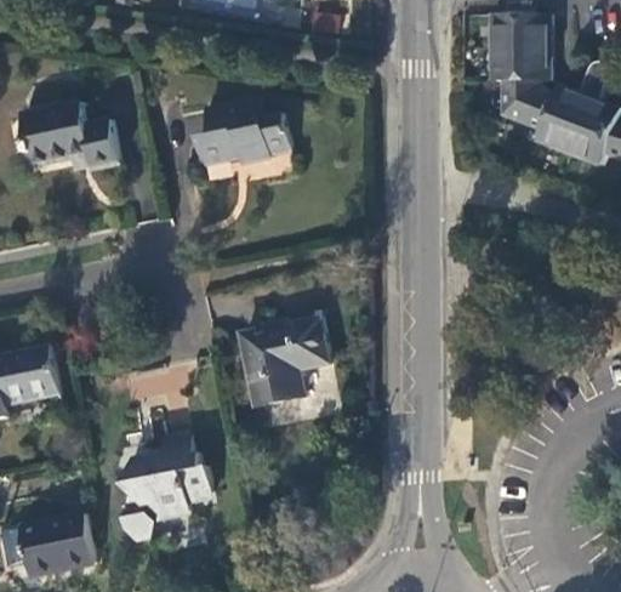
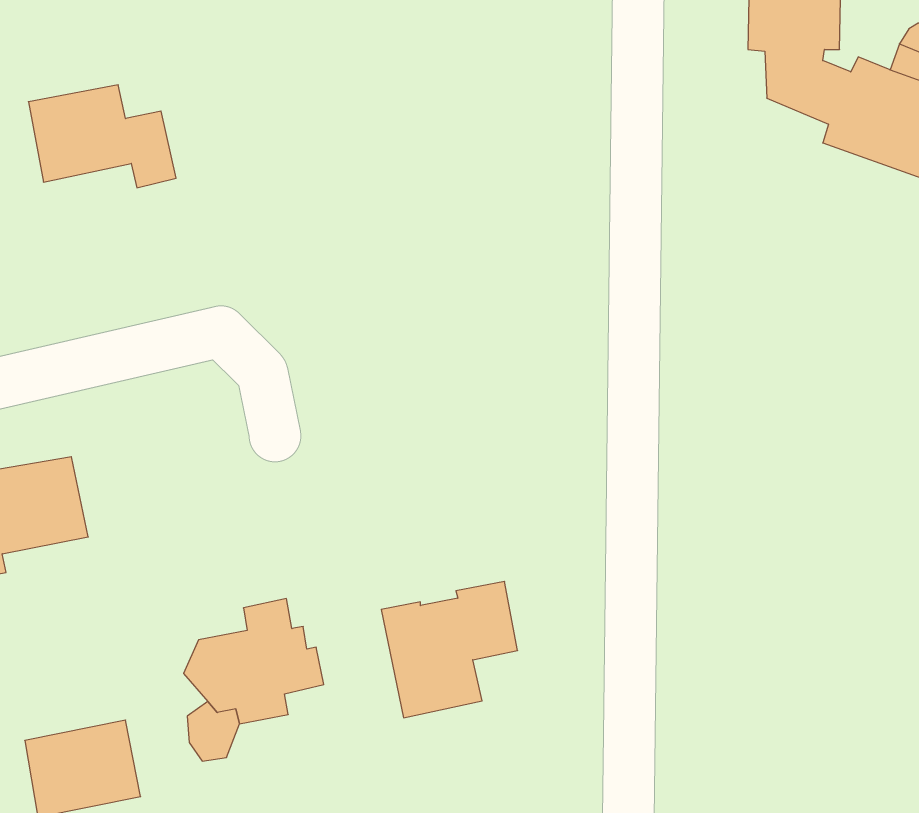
building: [196,97,287,164] -> none
building: [240,319,329,408] -> [381,581,518,718]

